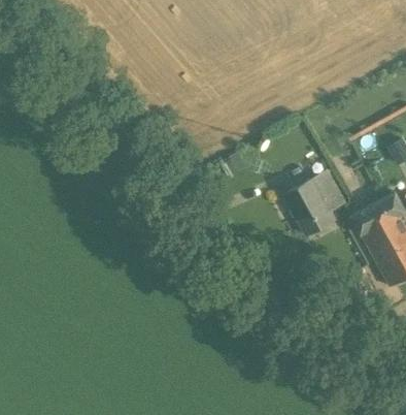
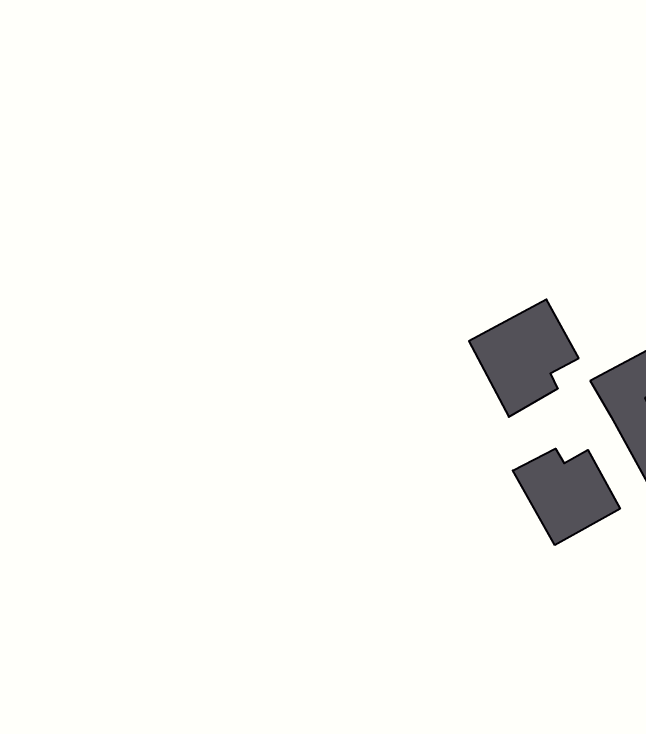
building: none -> [513,449,620,545]

